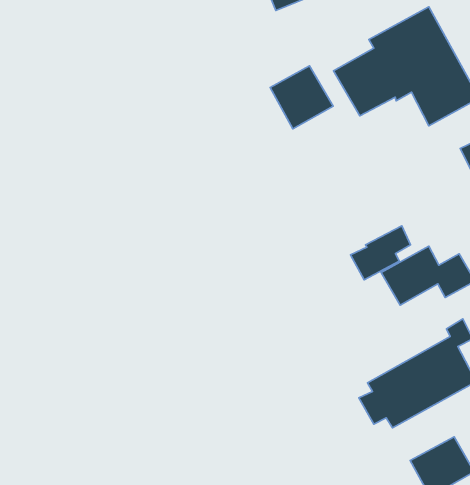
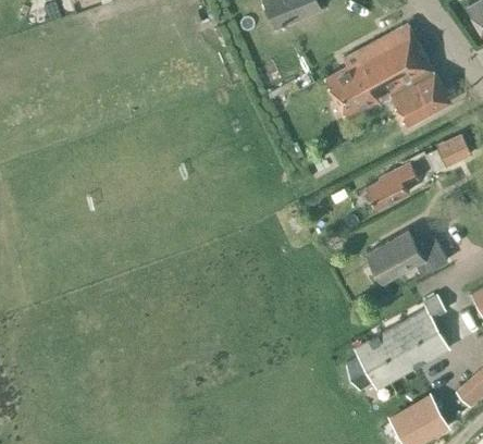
building: [270,66,333,129] -> none
building: [350,226,411,280] -> [366,162,418,209]

